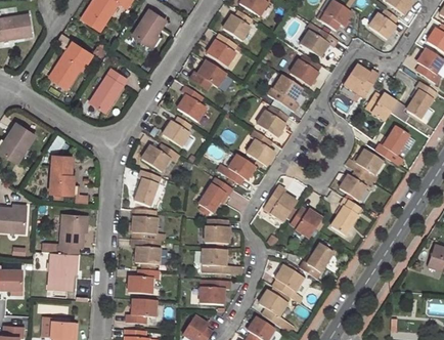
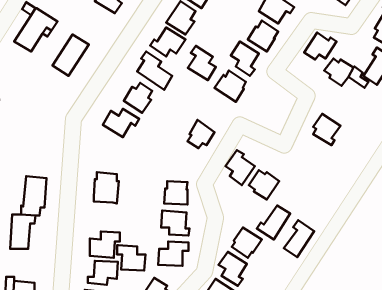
building: [375,127,408,165] -> none
building: [247,131,275,166] -> [188,46,216,80]
building: [49,155,78,195] -> none
building: [132,170,159,206] -> none
building: [340,170,373,200] -> none
building: [198,178,232,214] -> none
building: [330,197,361,235] -> [284,220,314,257]
building: [131,239,160,264] -> [117,245,145,270]

